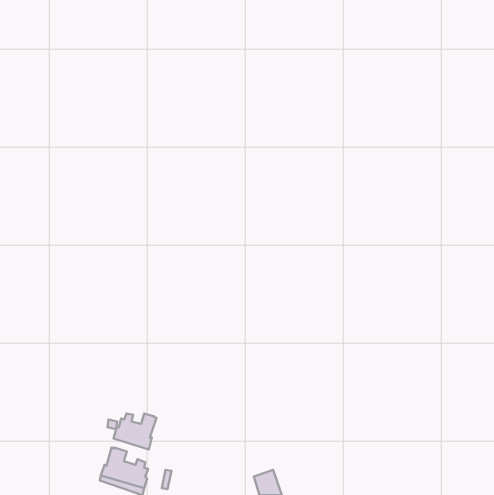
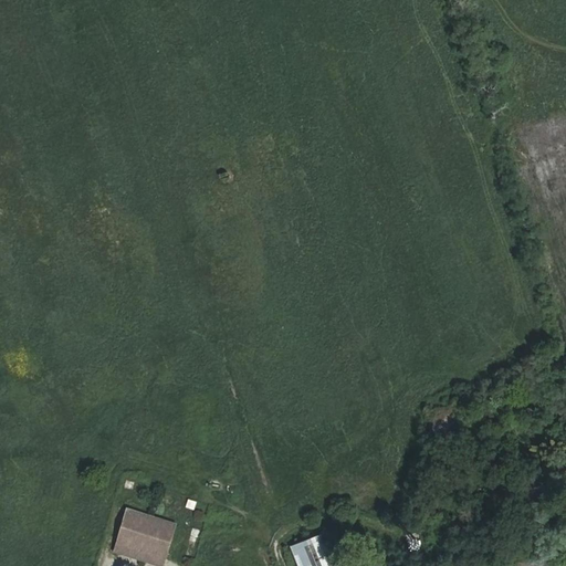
building: [113,413,156,450] -> none

